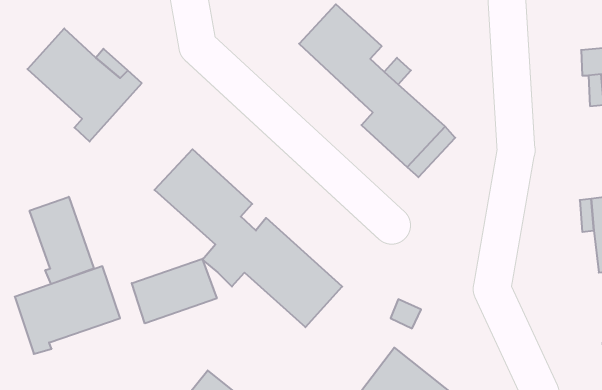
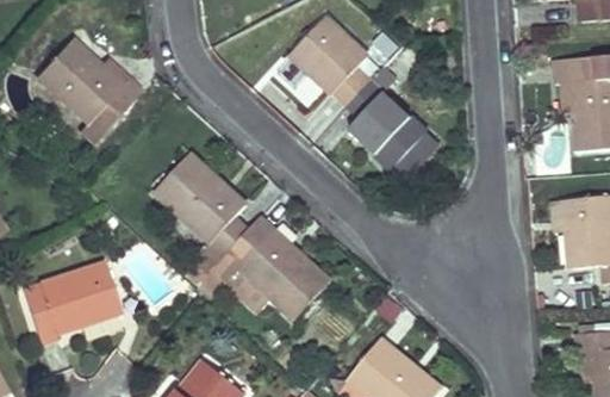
building: [30,197,94,284] -> none
building: [132,259,217,323] -> none

